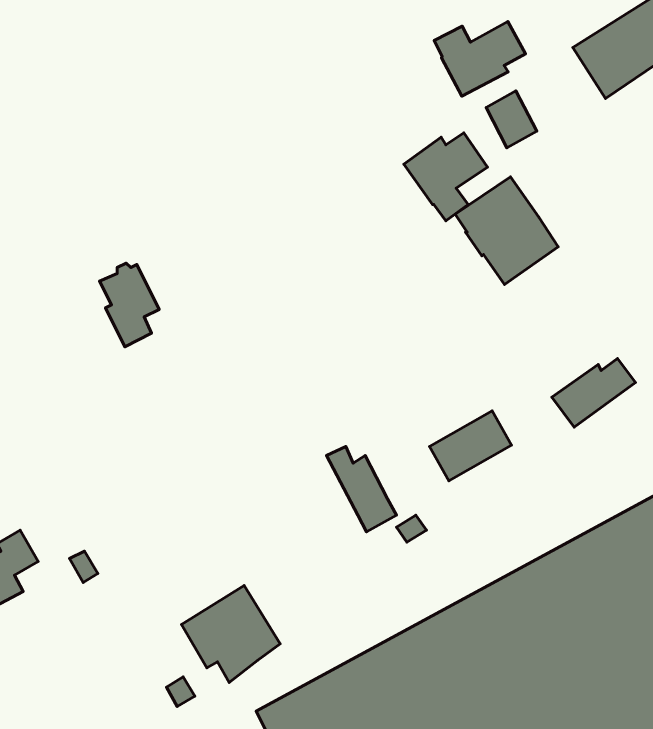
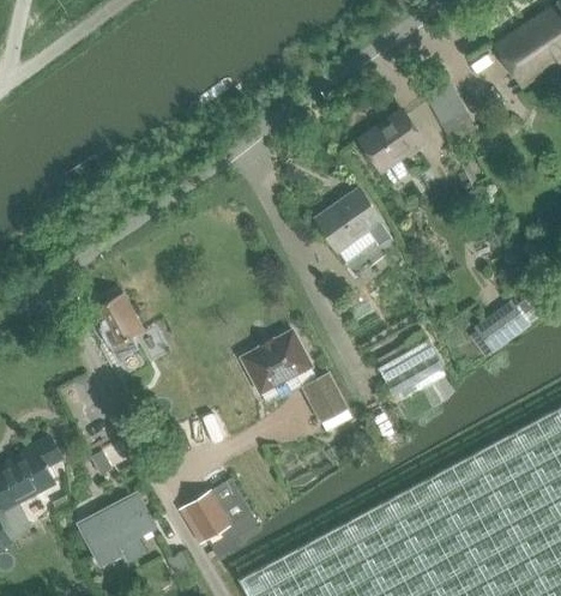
building: [434,21,525,96] -> none
building: [455,177,558,284] -> [319,186,402,272]
building: [99,263,159,347] -> [94,293,141,360]
building: none -> [242,331,312,393]
building: none -> [79,493,155,559]

